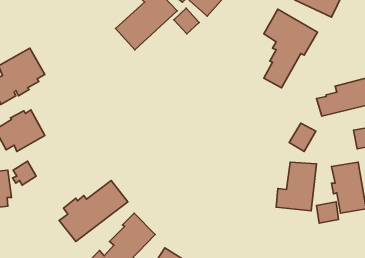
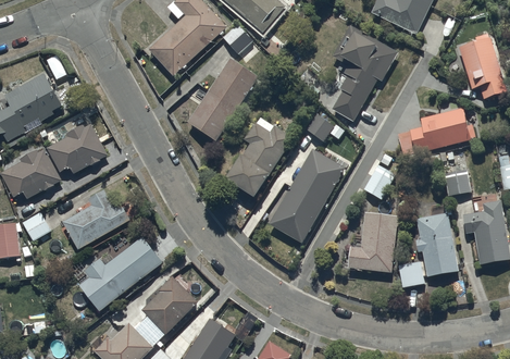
building: none -> [187,59,257,140]
building: none -> [304,113,344,141]
building: none -> [223,115,291,196]
building: none -> [47,122,109,173]
building: none -> [269,149,343,242]
building: none -> [63,187,130,248]

